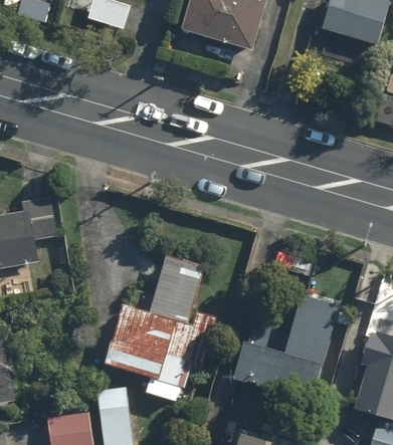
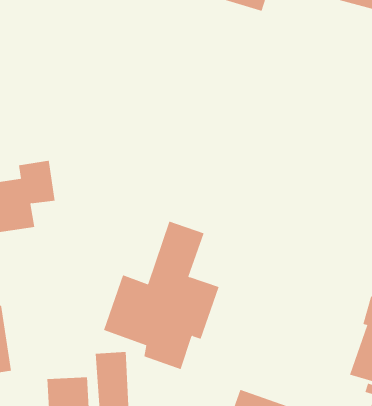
building: [229,296,334,401] -> none

